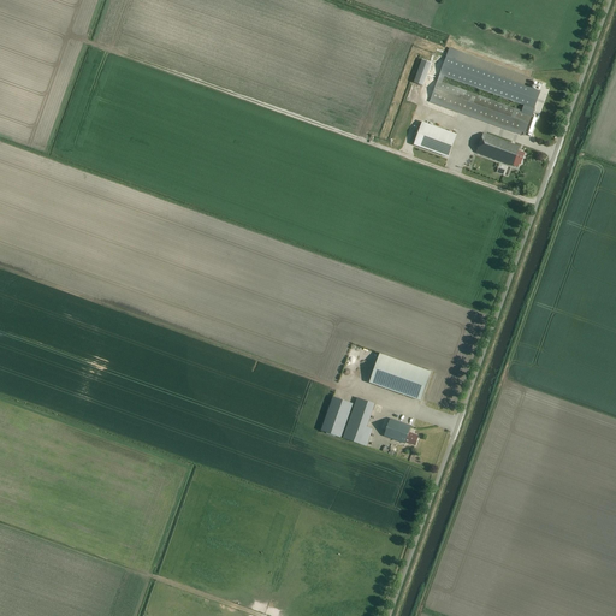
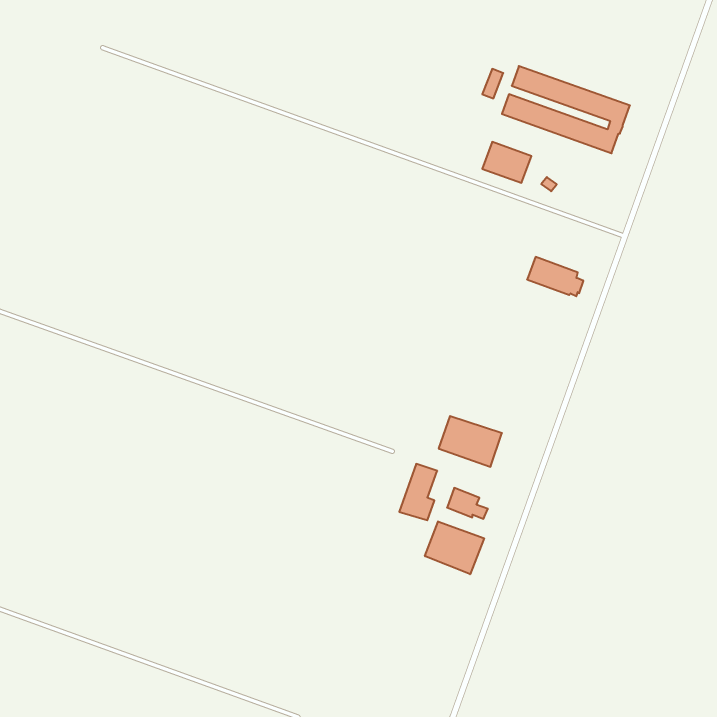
building: [475,132,523,166] -> [527,257,583,296]
building: [320,396,351,437] -> none
building: none -> [425,521,484,574]

